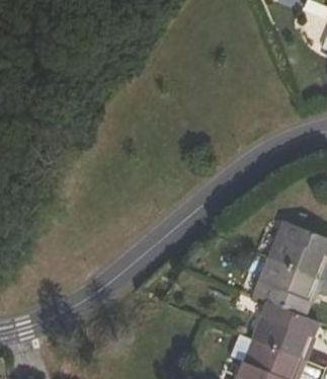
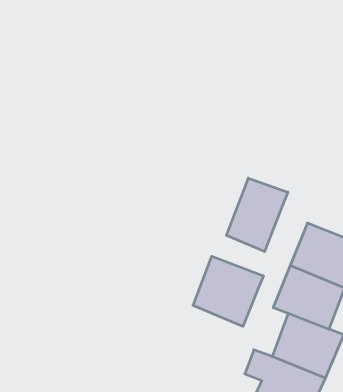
building: none -> [227,178,288,252]
building: none -> [193,256,263,326]

